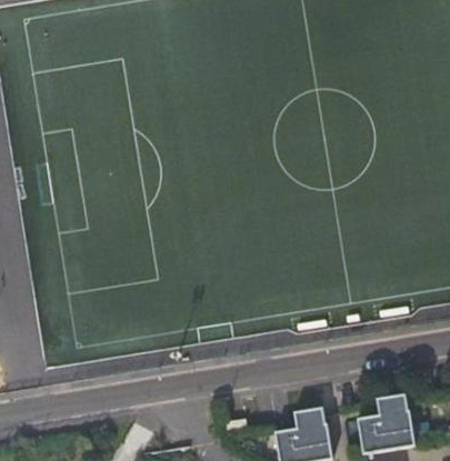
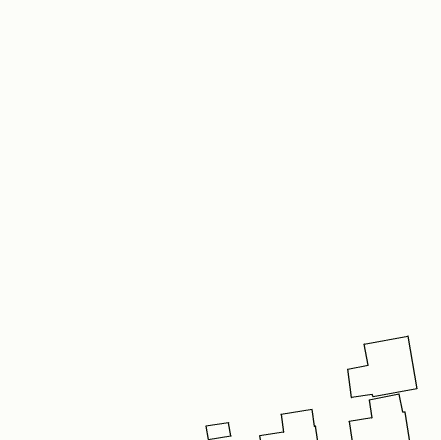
building: none -> [348,336,417,398]

